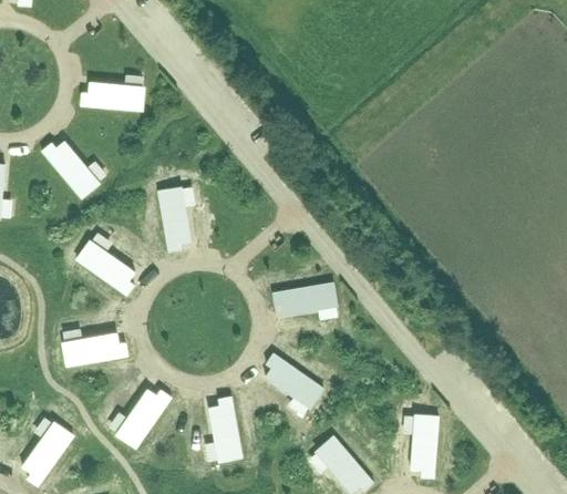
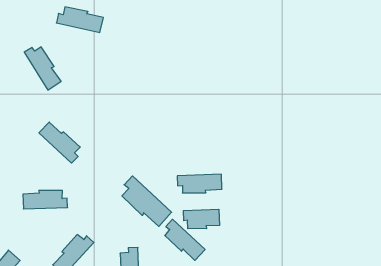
building: [158,188,190,251] -> none
building: none -> [122,176,172,226]
building: none -> [183,209,220,229]

